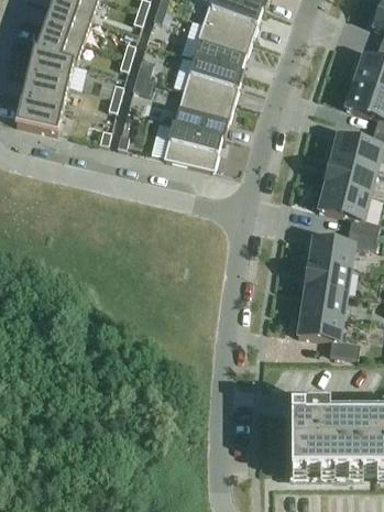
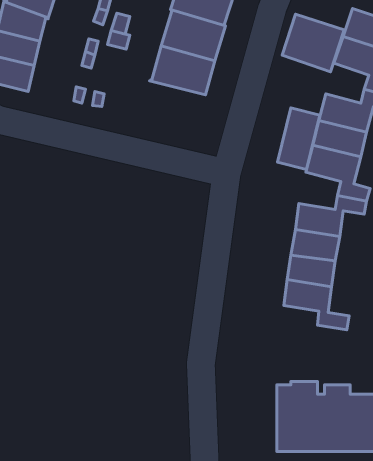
building: none -> [282,14,345,72]
building: [163,120,224,166] -> none
building: none -> [278,108,320,169]

